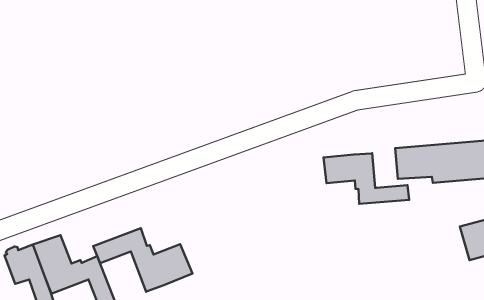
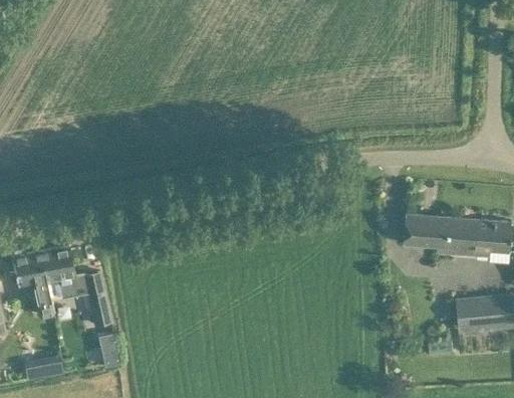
building: [324,153,409,204] -> none
building: [93,228,192,292] -> none

